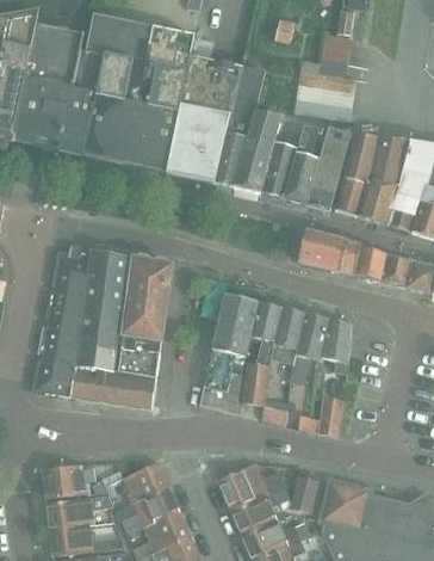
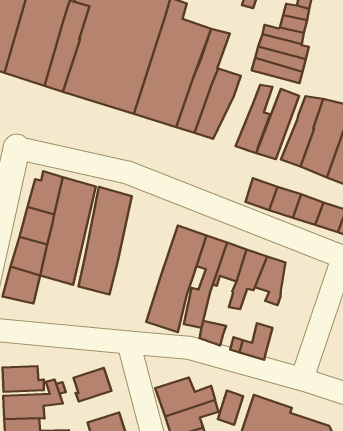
building: [255,141,297,197] -> none
building: [69,363,154,408] -> none
building: [114,486,176,524] -> none

